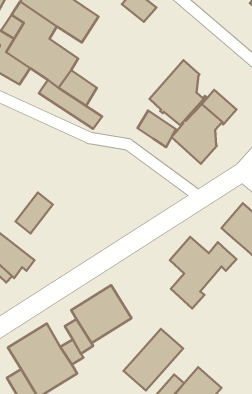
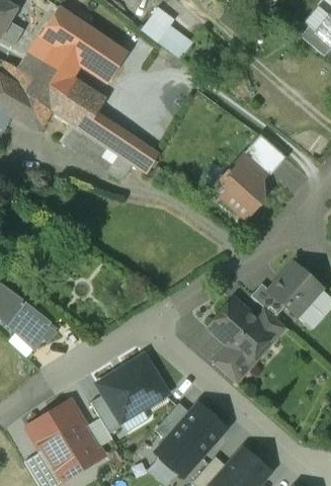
building: [150,60,206,125] -> none
building: [138,110,176,147] -> [115,132,159,173]
building: [16,192,53,233] -> none
building: none -> [251,282,285,316]
building: none -> [156,403,192,441]

